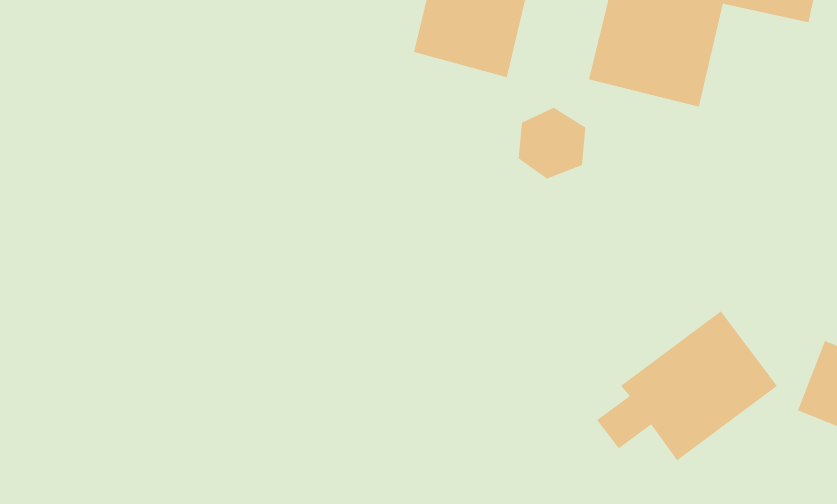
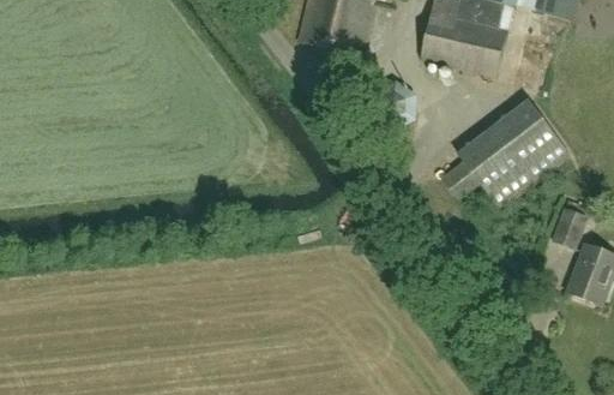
building: none -> [552,205,586,246]
building: [596,310,778,461] -> [441,100,568,205]

